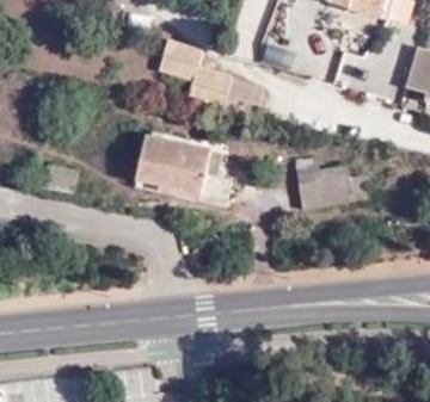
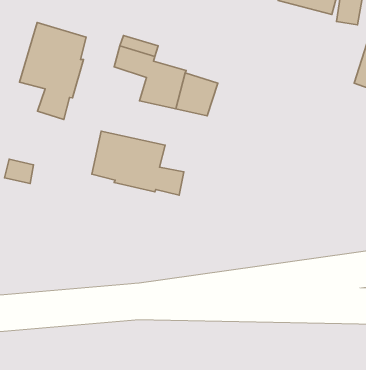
building: none -> [19,22,86,120]
building: [297,173,354,208] -> none

